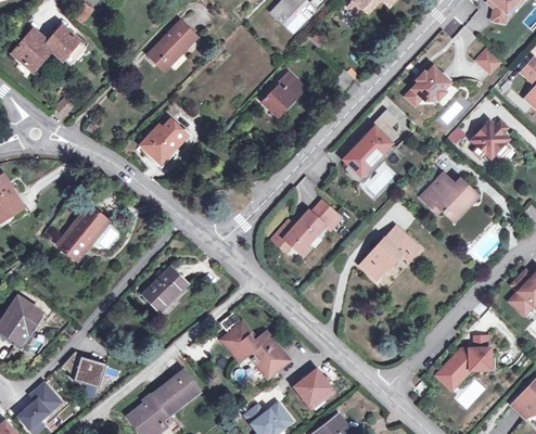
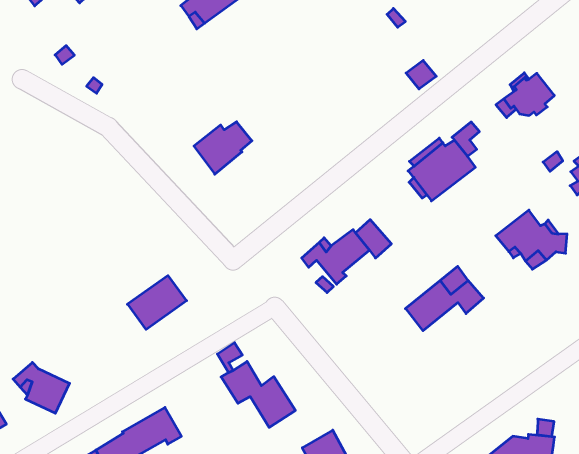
building: [265,73,304,114] -> none
building: [141,120,186,164] -> [194,122,252,174]
building: [58,205,109,260] -> none

